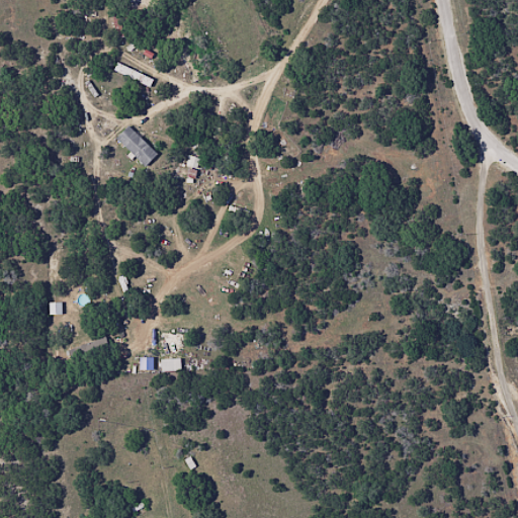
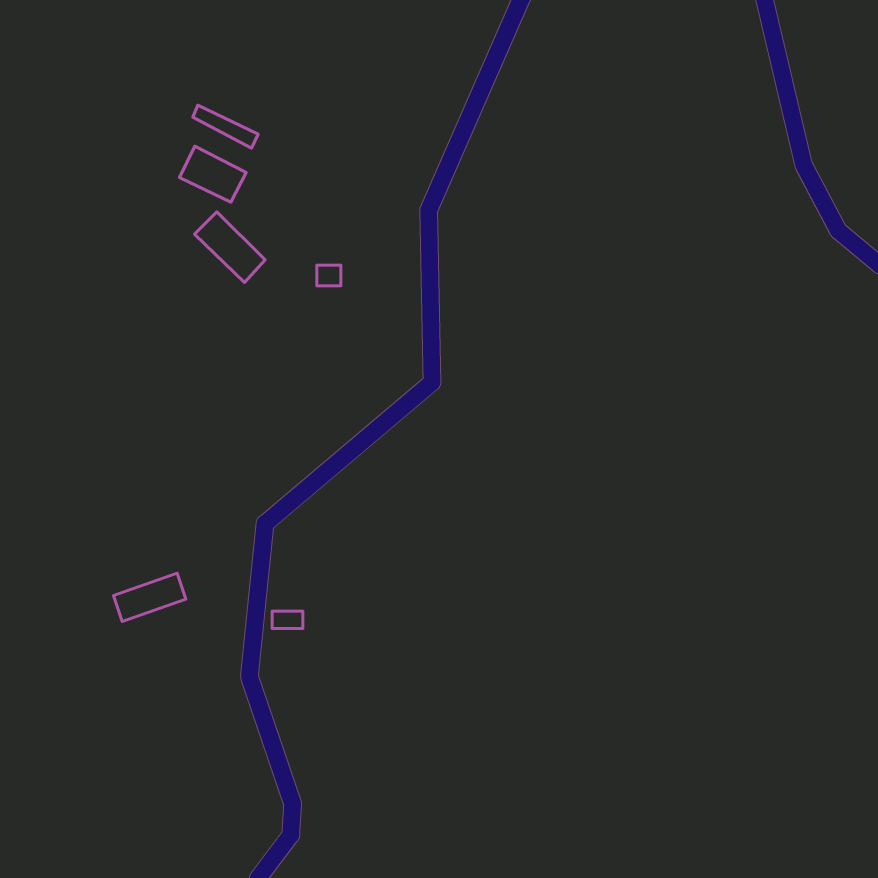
building: none -> [180,146,246,202]

